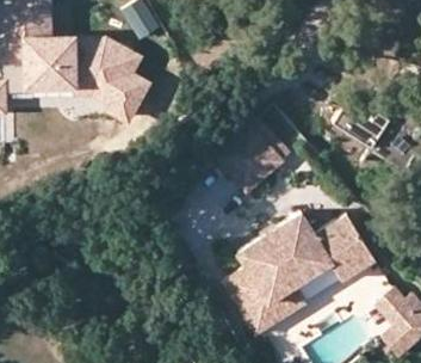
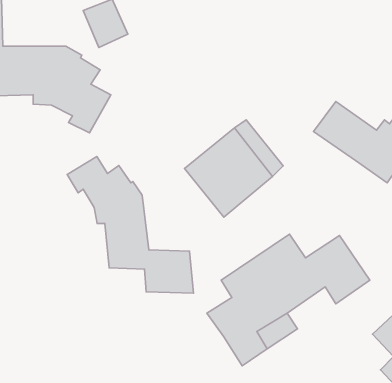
building: none -> [67,156,194,293]

